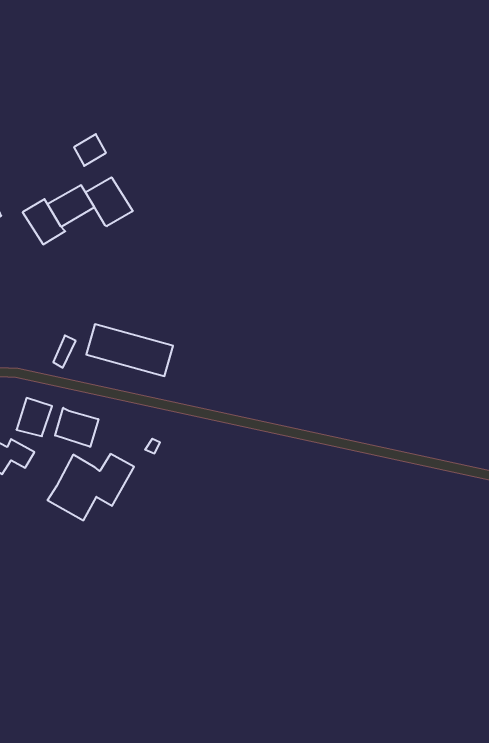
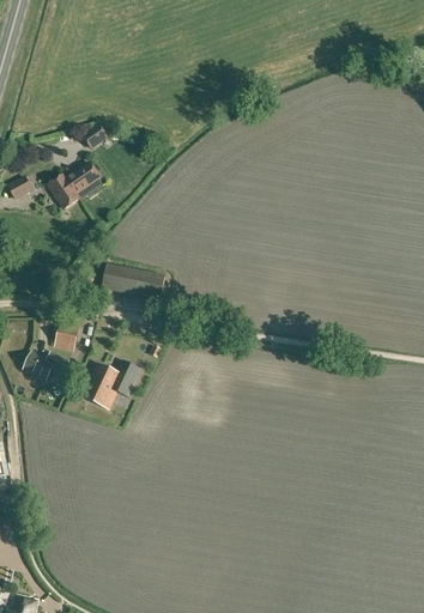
building: [86,177,133,226] -> none
building: [55,408,98,447] -> none

